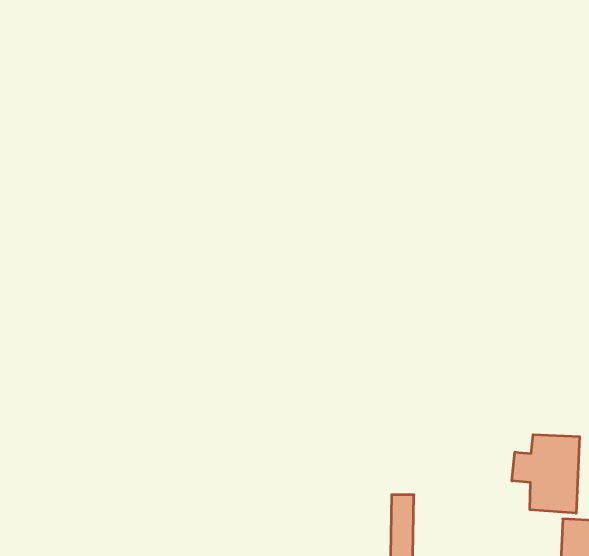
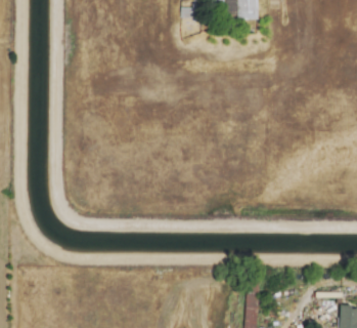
building: [512,435,580,513] -> none

